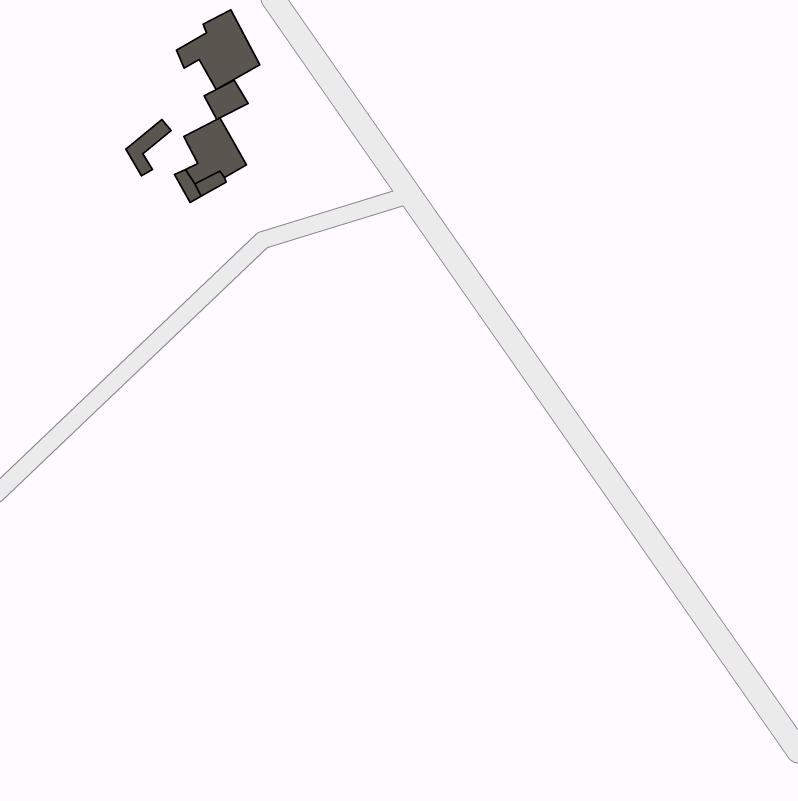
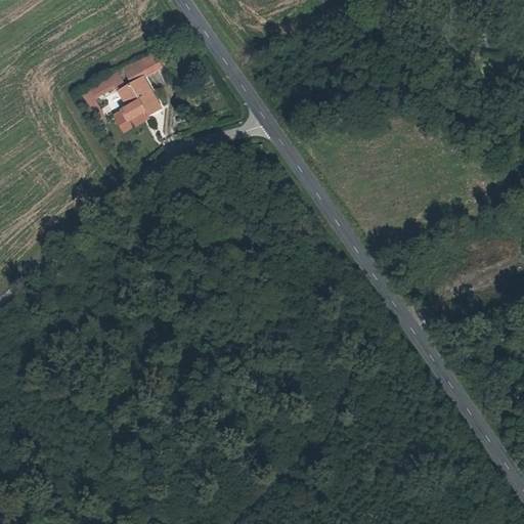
building: [177,10,260,89] -> none

